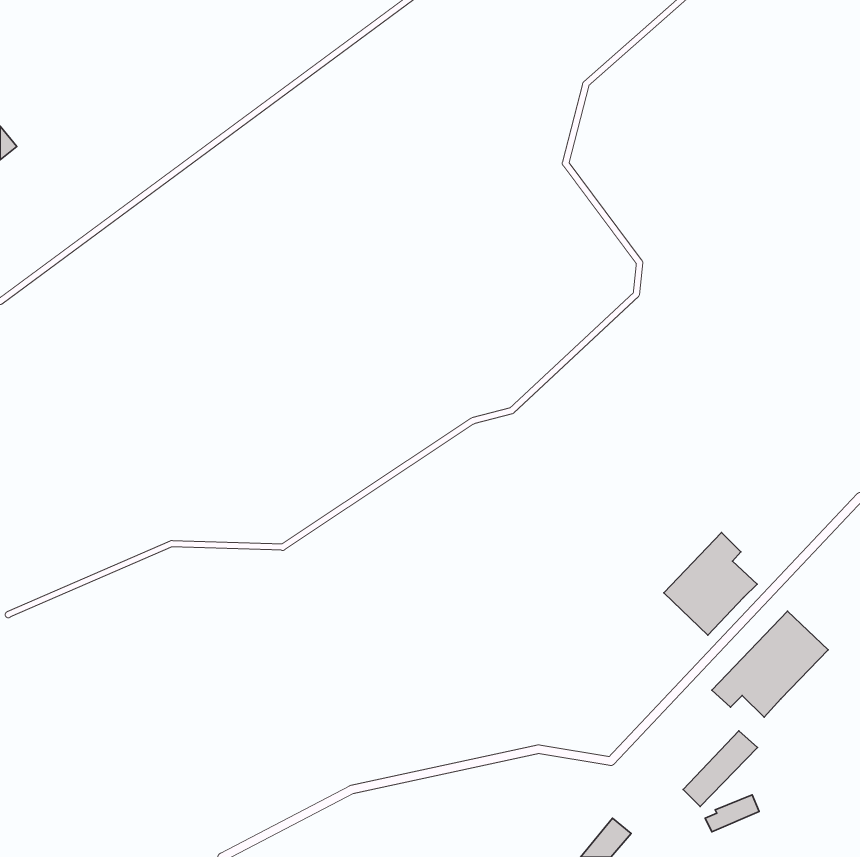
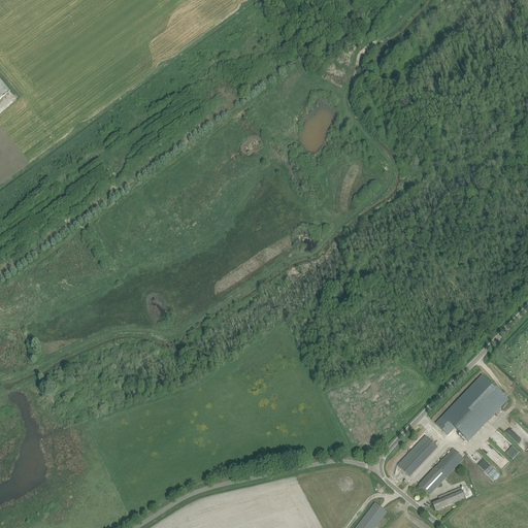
building: [664,532,757,635] -> none
building: none -> [397,434,436,474]

